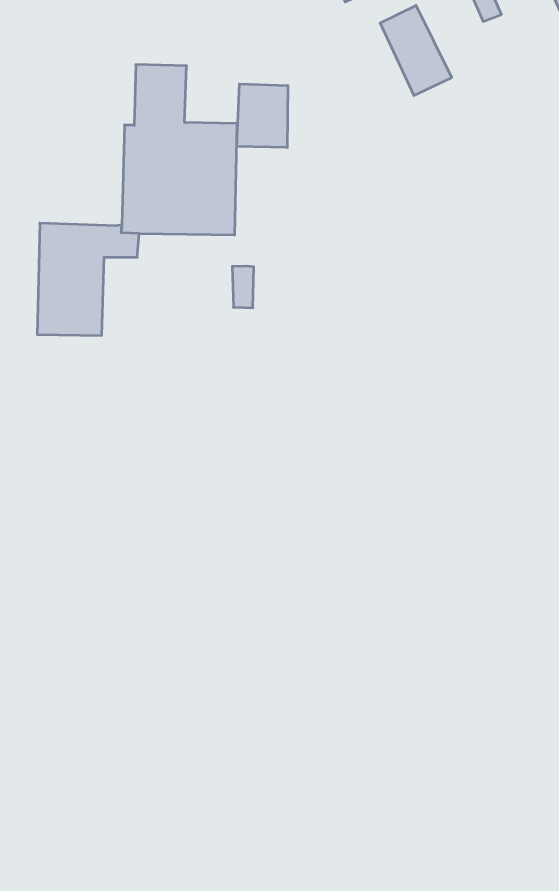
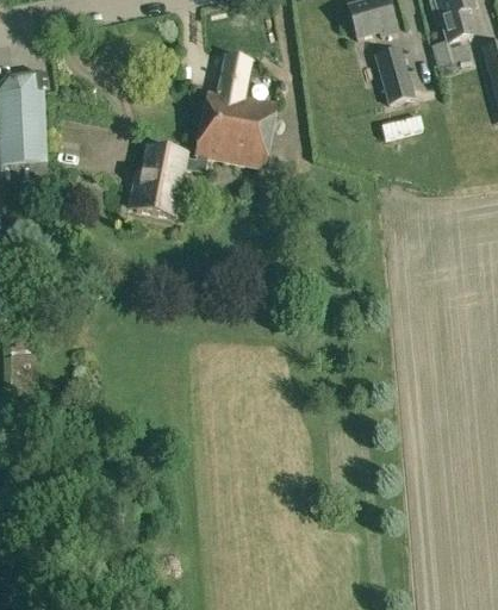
building: [237,84,288,148] -> none

